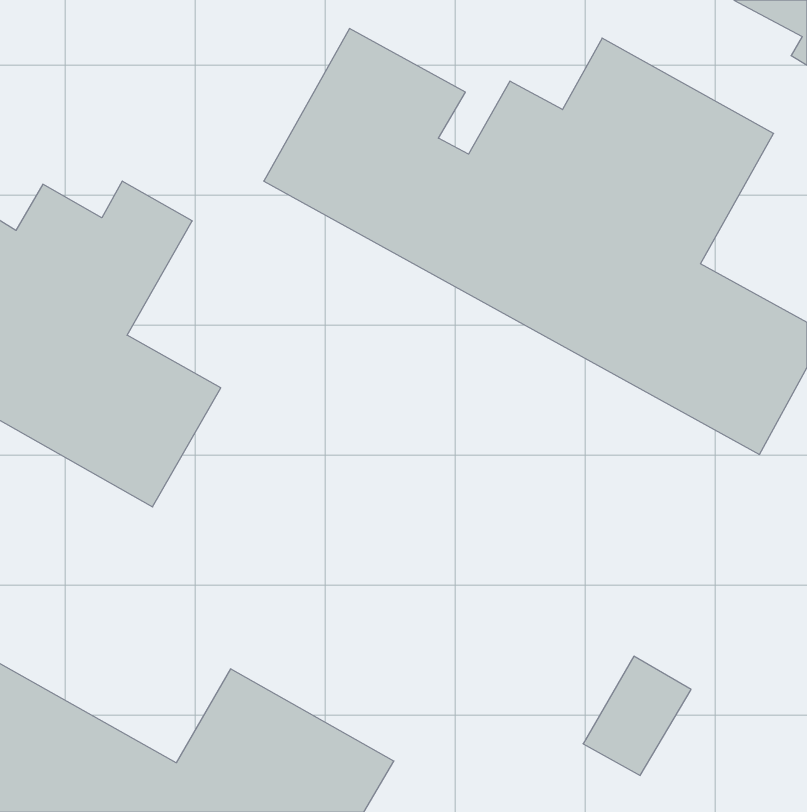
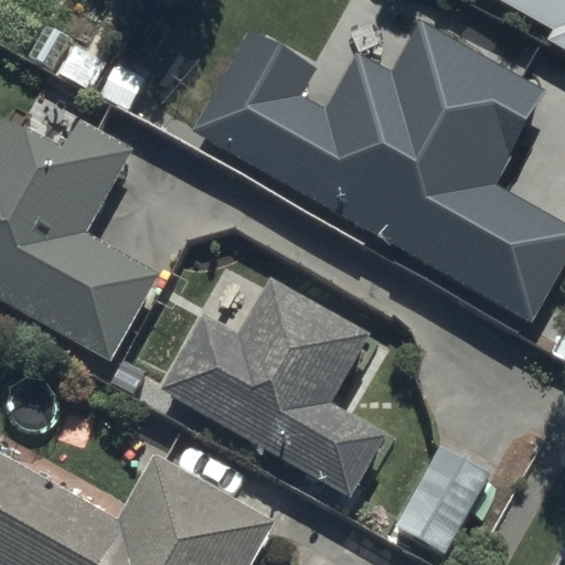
building: none -> [177,286,373,484]

